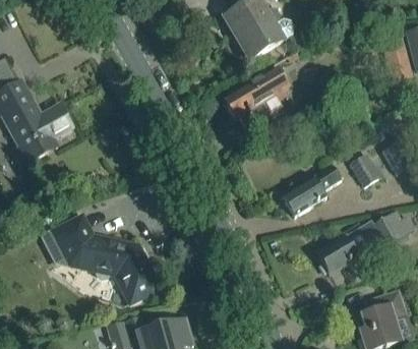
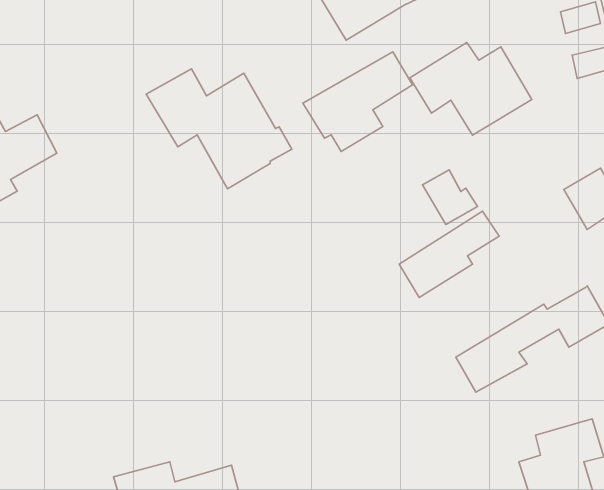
building: none -> [410,43,532,135]
building: none -> [146,69,292,189]
building: [351,153,384,186] -> [423,170,477,225]
building: [44,217,159,303] -> none

